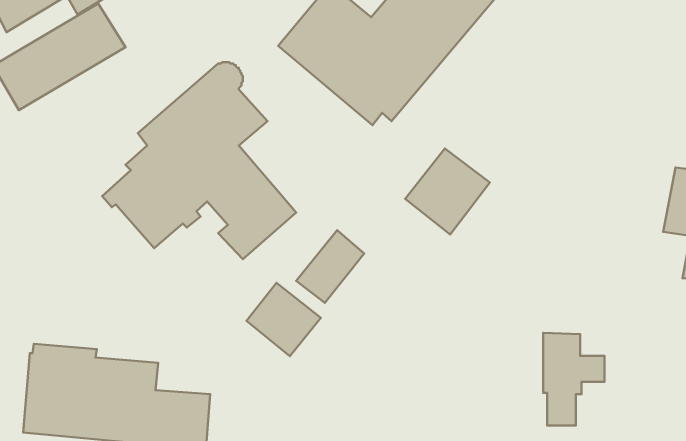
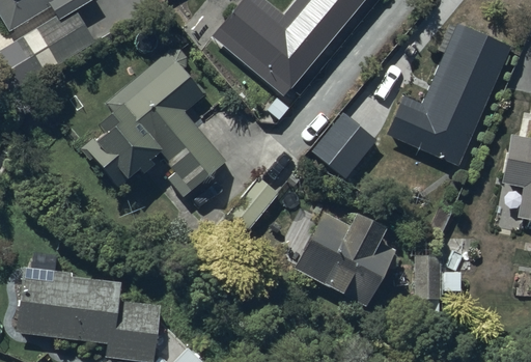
building: none -> [386,25,509,168]
building: none -> [294,206,394,303]
building: [247,283,321,356] -> none

